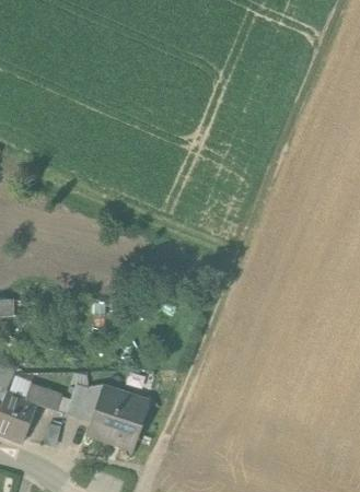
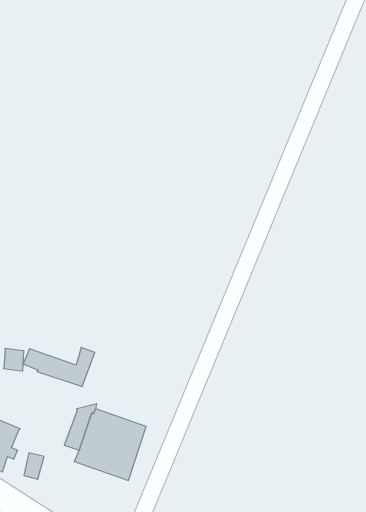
building: [25,383,88,417] -> [23,347,95,386]

